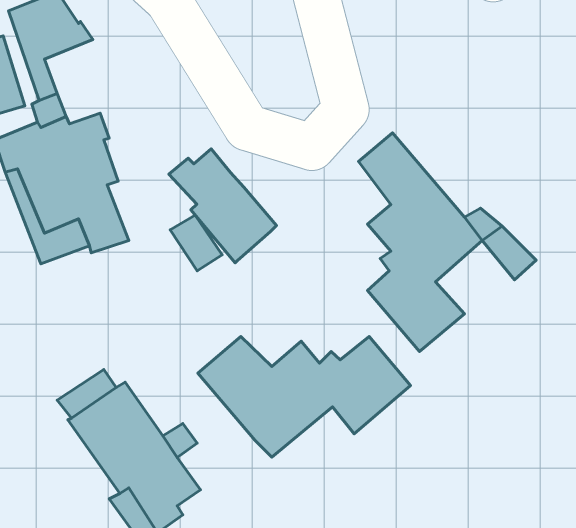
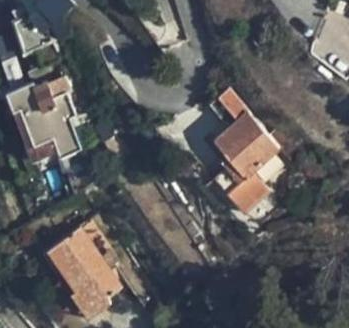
building: [169,149,277,263] -> none
building: [198,336,410,457] -> none

